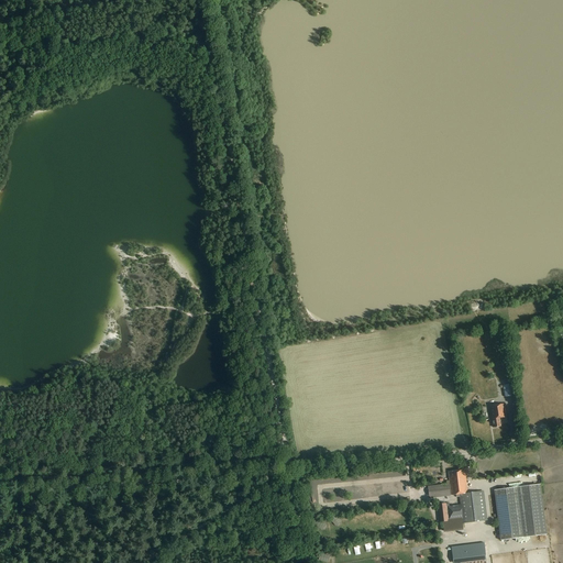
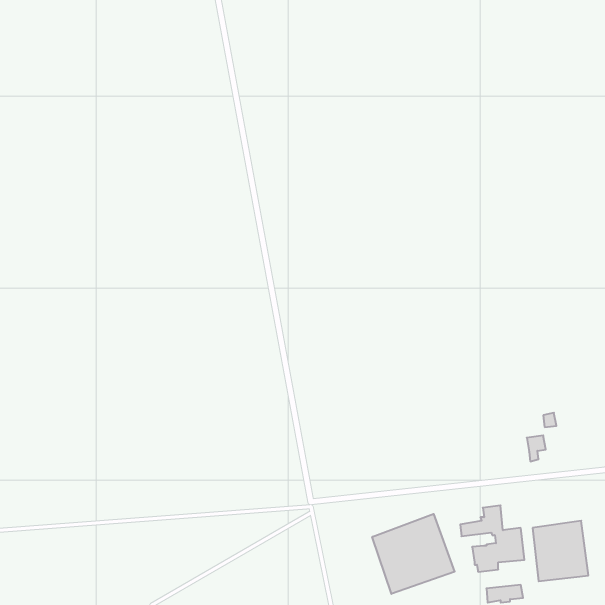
building: none -> [372,514,455,594]

